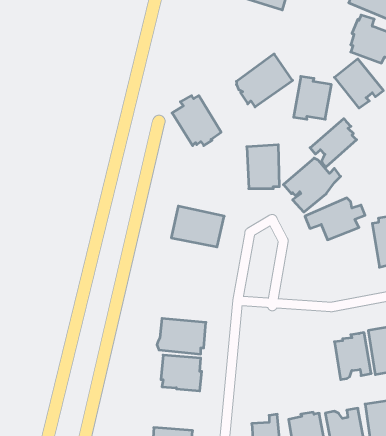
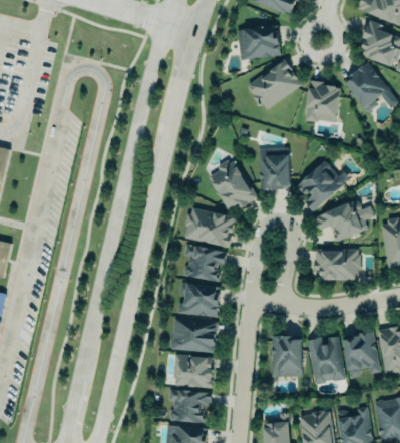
building: none -> [237,26,281,59]
building: [172,96,221,146] -> [209,160,257,209]
building: [310,119,357,167] -> none
building: none -> [183,245,227,282]
building: none -> [314,248,361,281]
building: none -> [177,283,221,318]
building: none -> [272,336,302,377]
building: none -> [307,336,345,384]
building: none -> [168,389,212,425]

